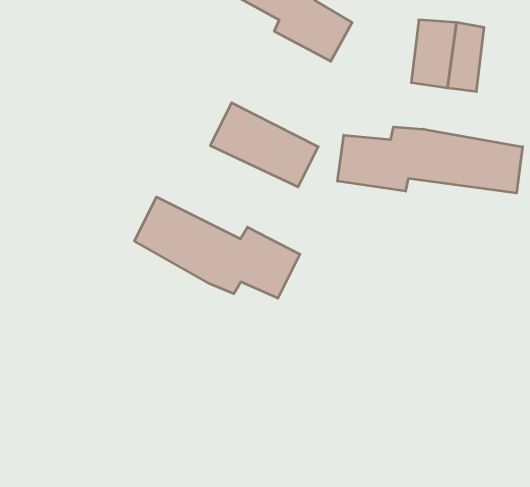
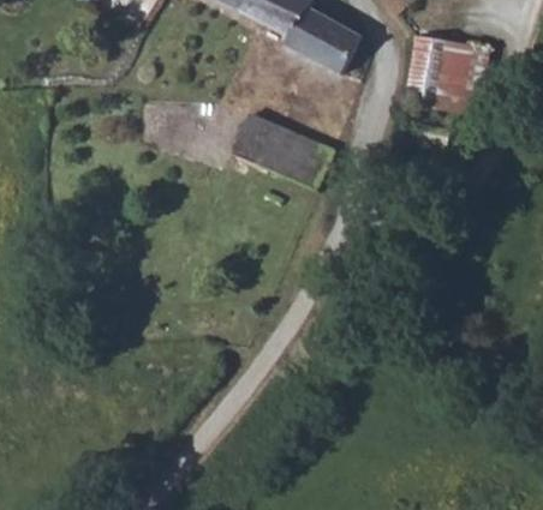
building: [338,127,523,193] -> none
building: [135,197,300,298] -> none

